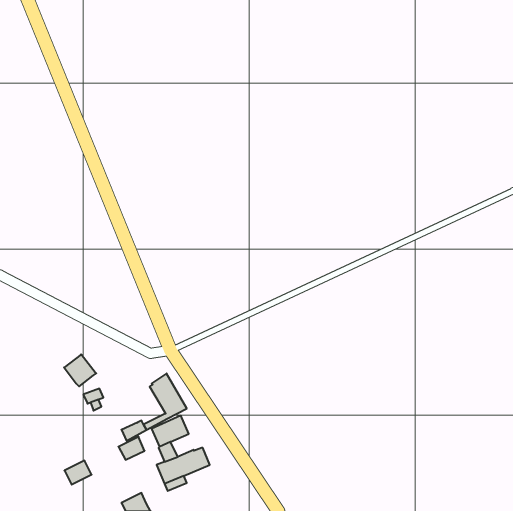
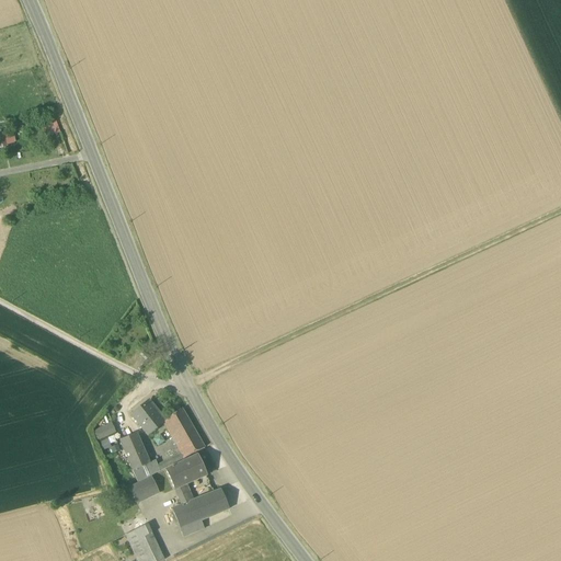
building: [64,354,96,386] -> [131,399,167,434]
building: none -> [121,433,150,469]
building: [64,461,92,485] -> [125,523,154,549]

